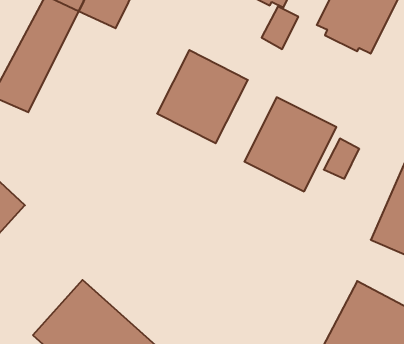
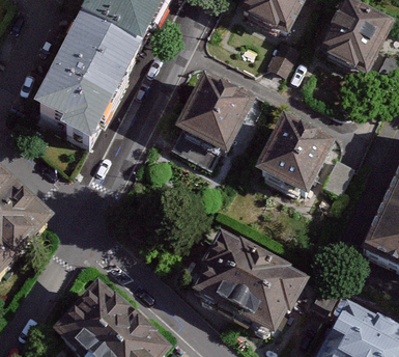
building: none -> [52,43,134,157]
building: none -> [194,231,313,336]

